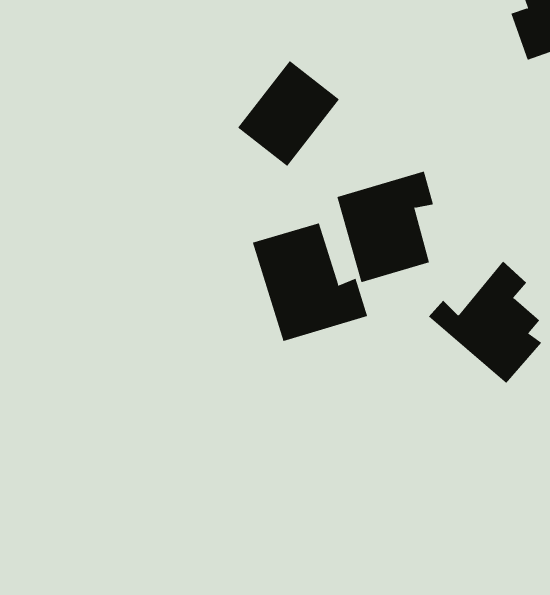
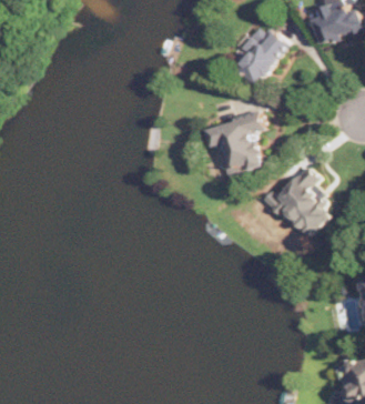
building: [237,60,340,167] -> [226,23,287,87]
building: [252,222,368,342] -> none

